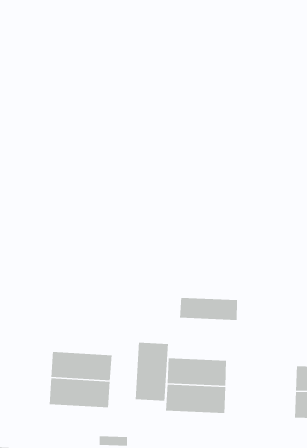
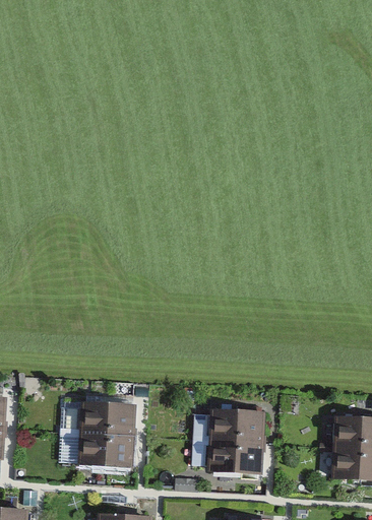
building: [179,297,238,321] -> none
building: [135,342,169,401] -> none

